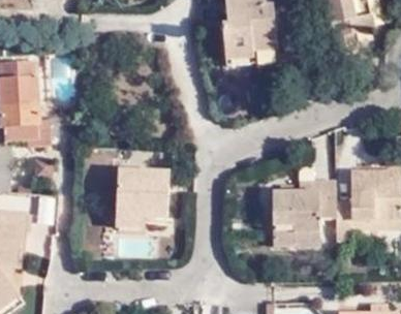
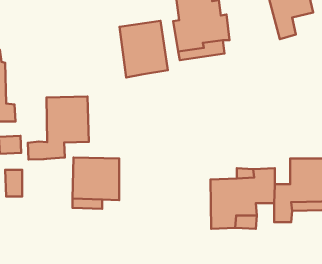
building: none -> [119,21,168,78]
building: none -> [28,96,89,160]

